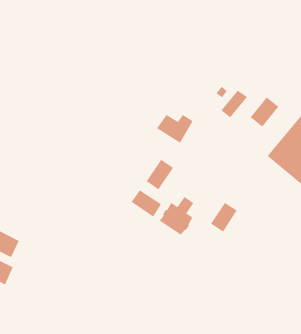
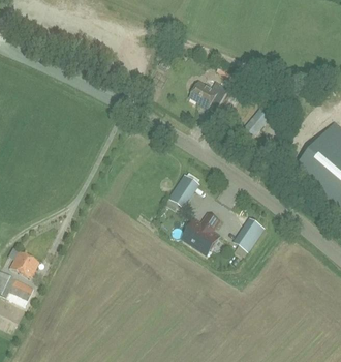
building: [250,97,279,127] -> none
building: [156,114,194,143] -> [190,81,228,111]
building: [131,189,162,218] -> none

